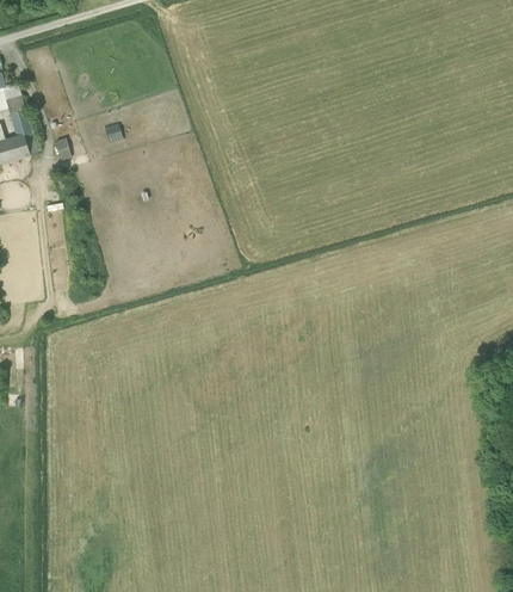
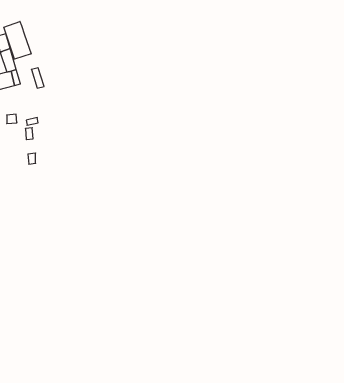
building: none -> [4,21,31,59]

